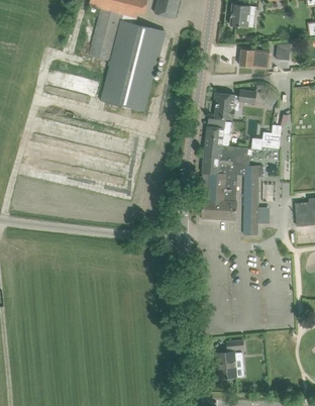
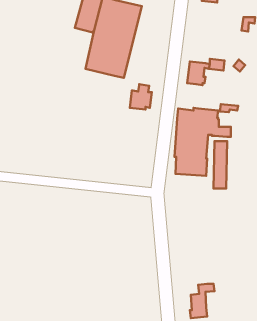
building: [239,48,270,70] -> none
building: [204,119,228,147] -> [130,84,152,110]

